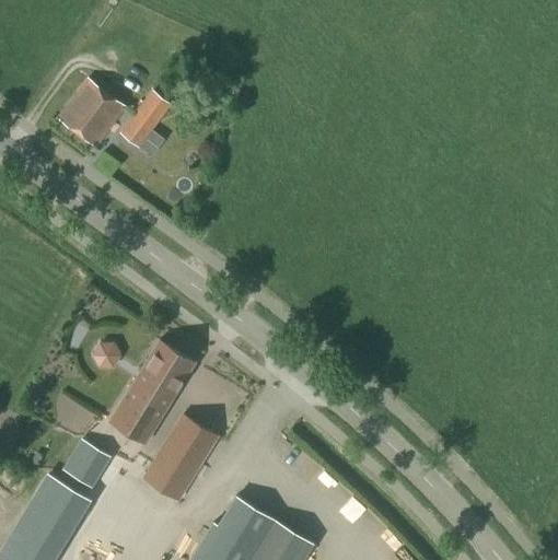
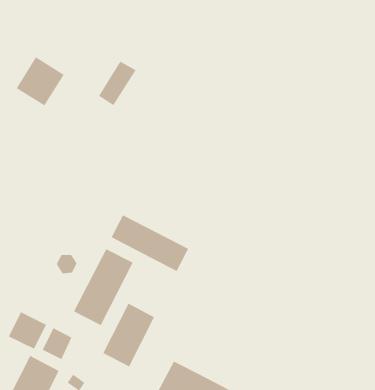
building: [119,91,173,150] -> [98,61,136,106]
building: none -> [111,214,189,272]
building: none -> [8,312,47,350]

